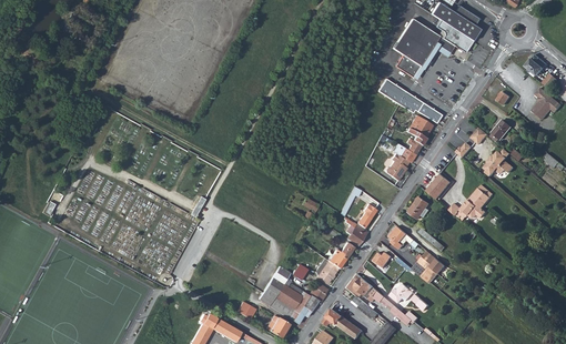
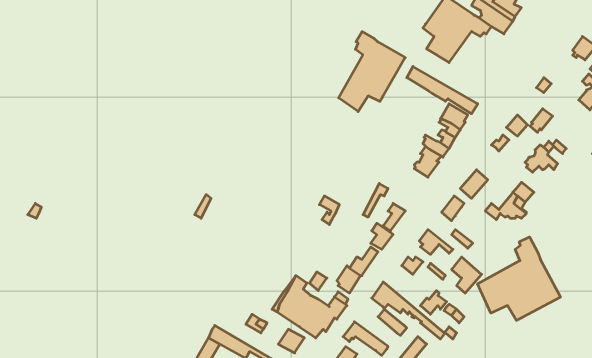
building: none -> [339,32,405,112]
building: none -> [478,237,560,320]

